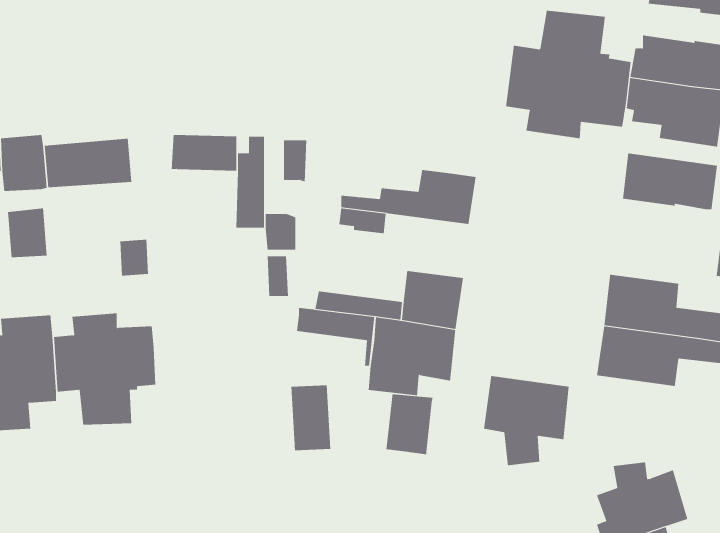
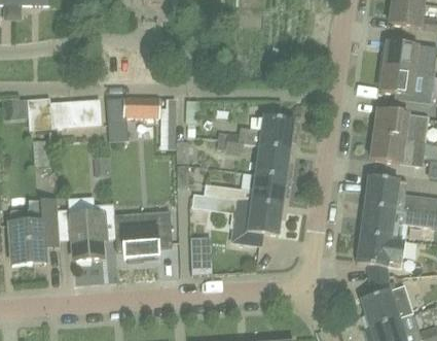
building: [505,10,631,139] -> none
building: none -> [106,97,129,140]
building: none -> [371,133,423,166]
building: none -> [255,143,290,177]
building: none -> [114,212,173,261]
building: [483,375,570,466] -> [357,232,405,282]
building: [386,393,433,455] -> none

